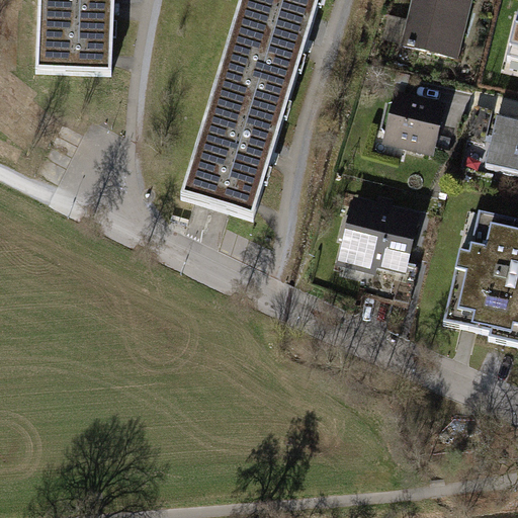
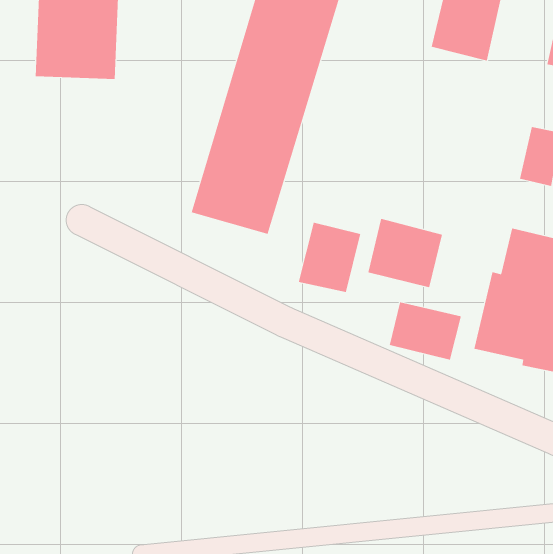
building: [388,94,443,151] -> none
building: none -> [298,222,361,293]
building: none -> [389,301,461,360]

